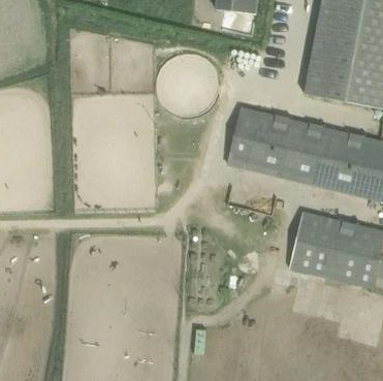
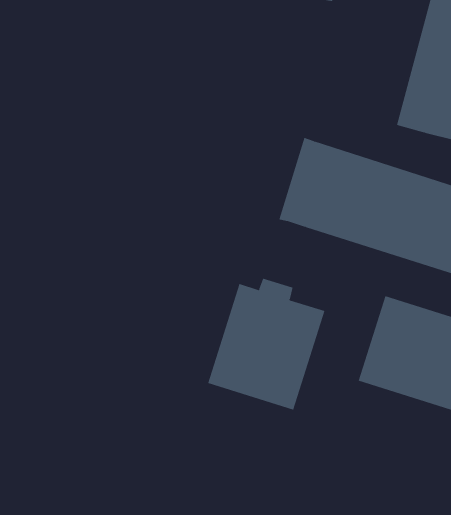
building: none -> [207,278,325,411]

